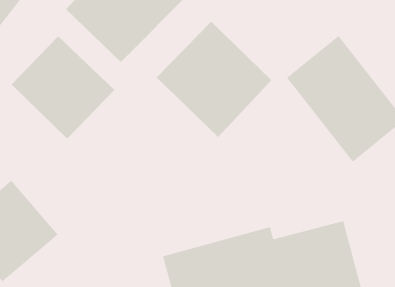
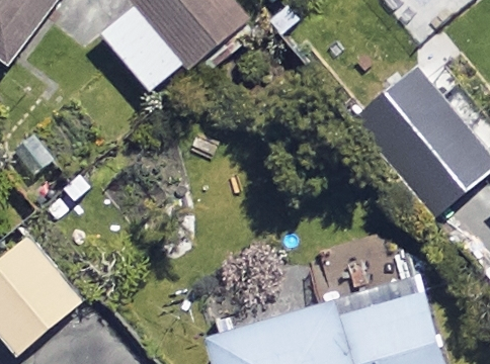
building: [156,21,272,138] -> none
building: [11,36,115,139] -> none

